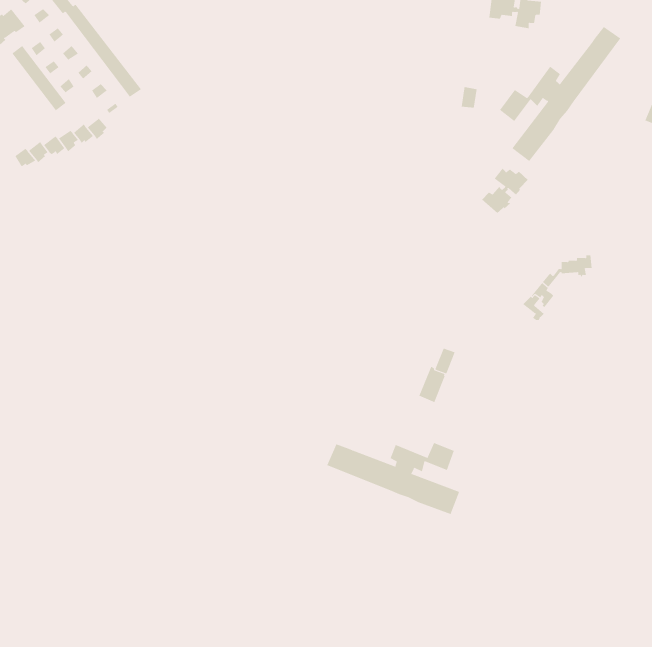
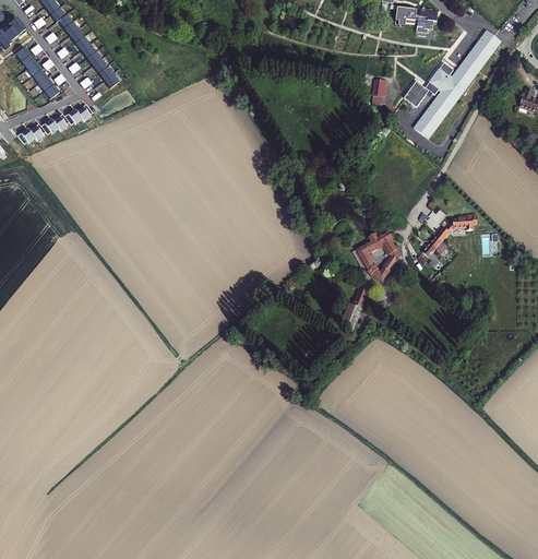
building: [481,168,528,214] -> none
building: none -> [352,230,400,281]
building: [327,442,460,515] -> none

